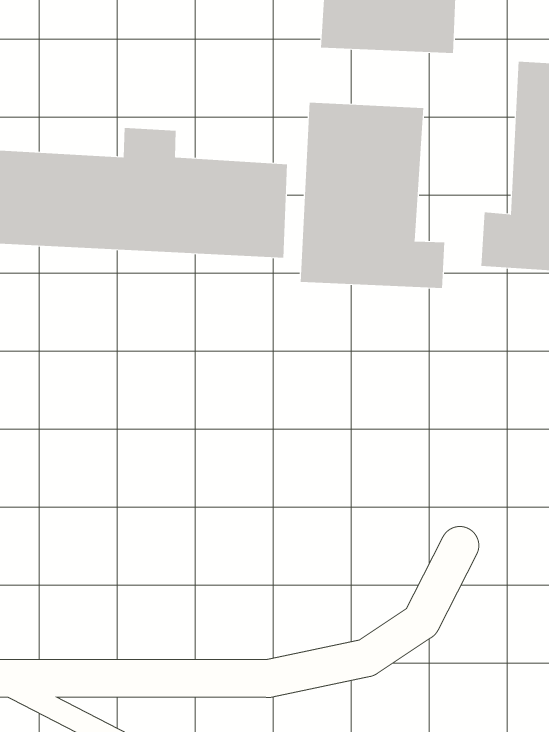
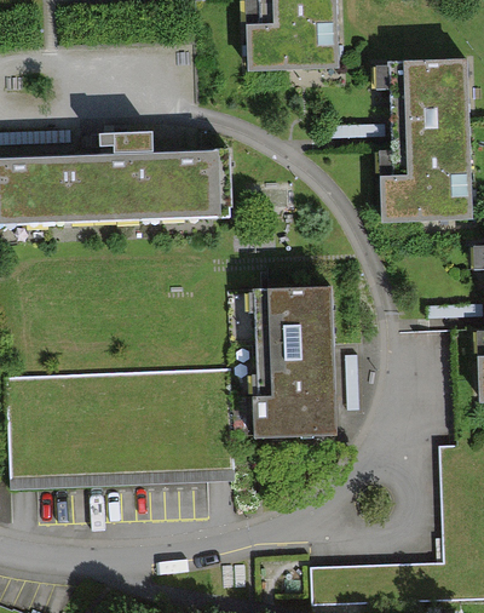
building: [300,102,445,289] -> none
building: none -> [244,285,342,435]

